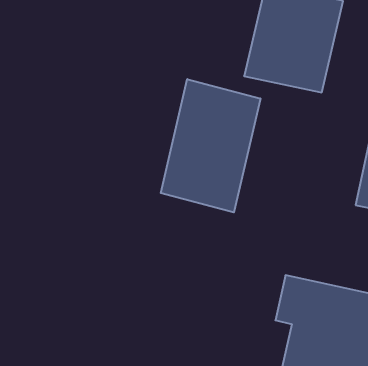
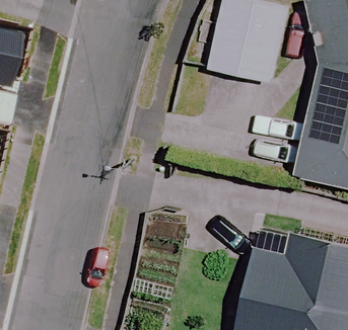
building: [161,79,260,212] -> none

